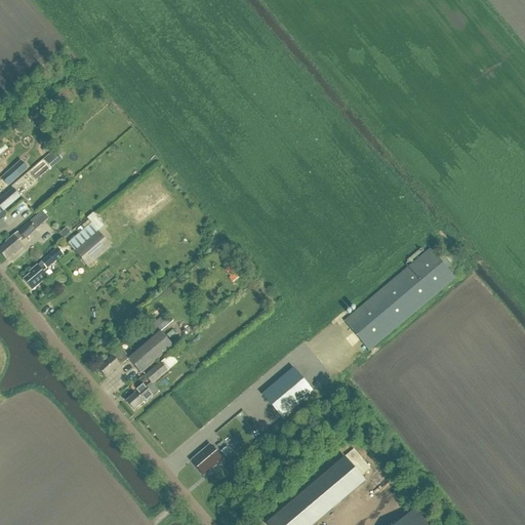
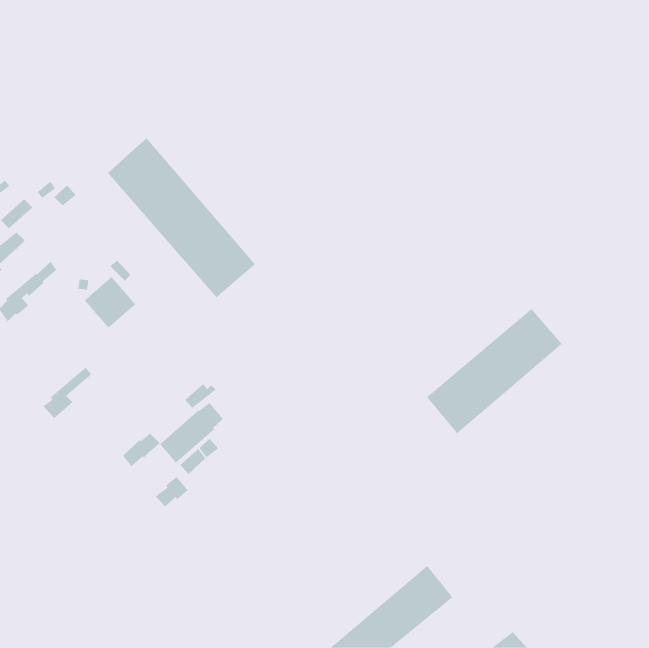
building: none -> [107,138,256,298]
building: [23,247,63,289] -> [43,367,92,419]
building: [260,367,313,417] -> none
building: [191,444,223,475] -> none

